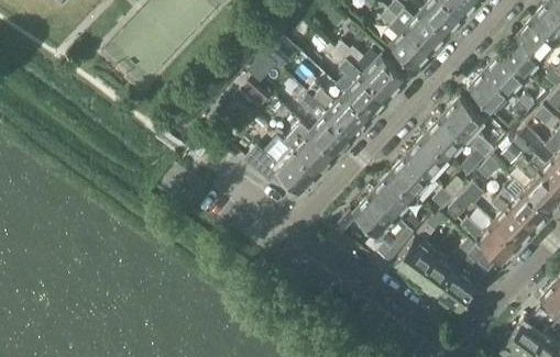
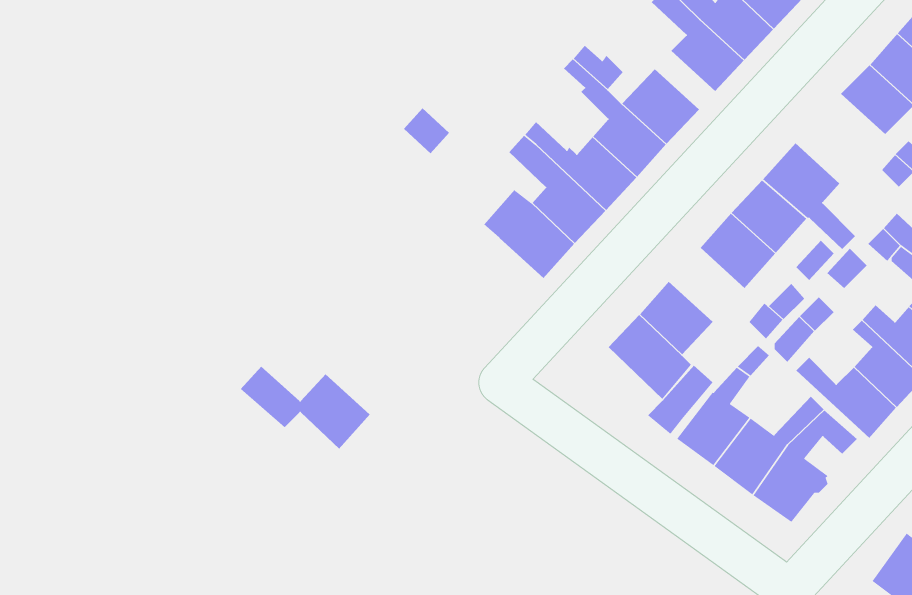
building: [471,69,512,111] -> none
building: [245,146,319,193] -> [240,366,371,450]
building: [389,156,432,198] -> none

